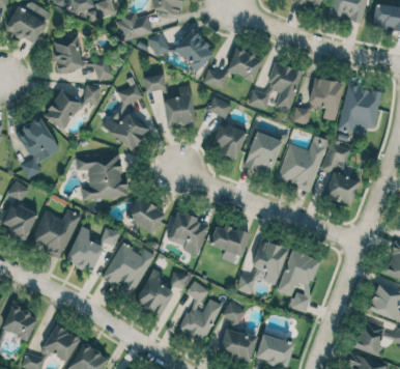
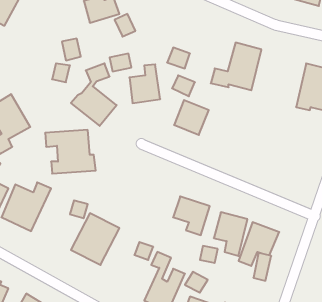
building: [174,29,216,72] -> none
building: [51,35,85,74] -> none
building: [227,49,262,81] -> none
building: [293,77,343,123] -> none
building: [44,89,82,130] -> none
building: [245,132,282,175] -> none
building: [278,135,327,191] -> none
building: [323,143,360,205] -> none
building: [125,196,166,234] -> none
building: [166,211,209,253] -> none
building: [68,226,103,269] -> none
building: [135,268,174,316] -> none

